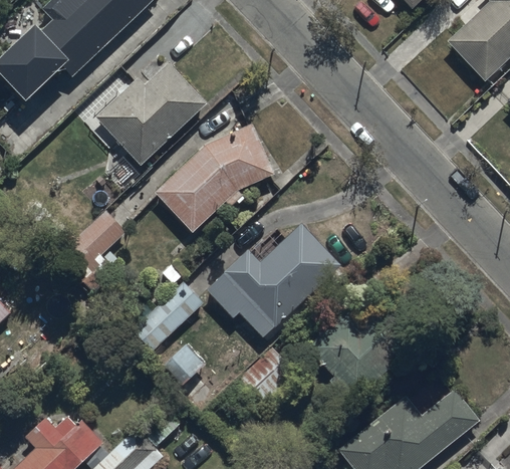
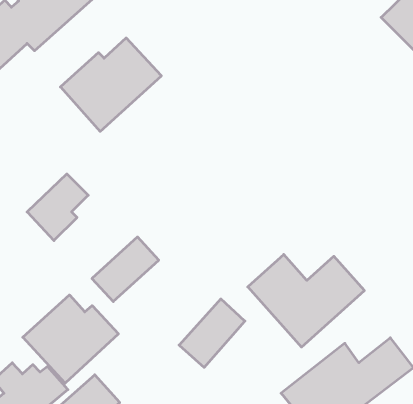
building: [153,126,271,232] -> none
building: [205,225,341,338] -> none
building: none -> [23,295,118,383]

